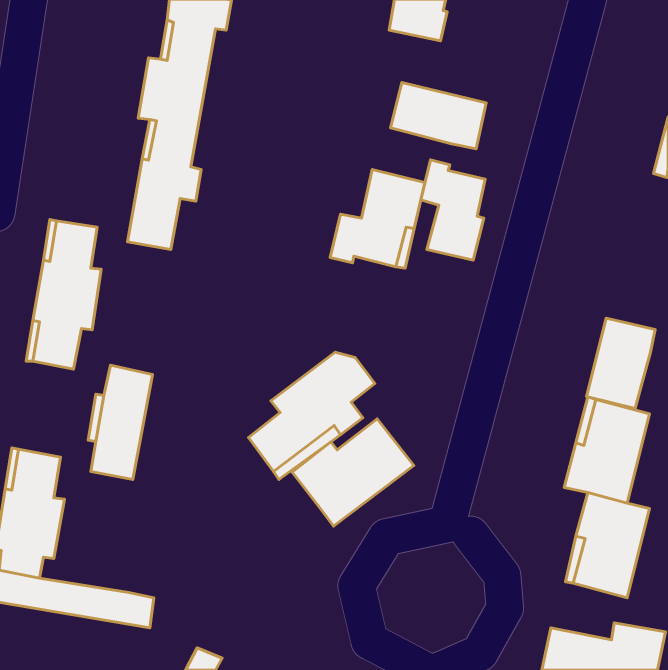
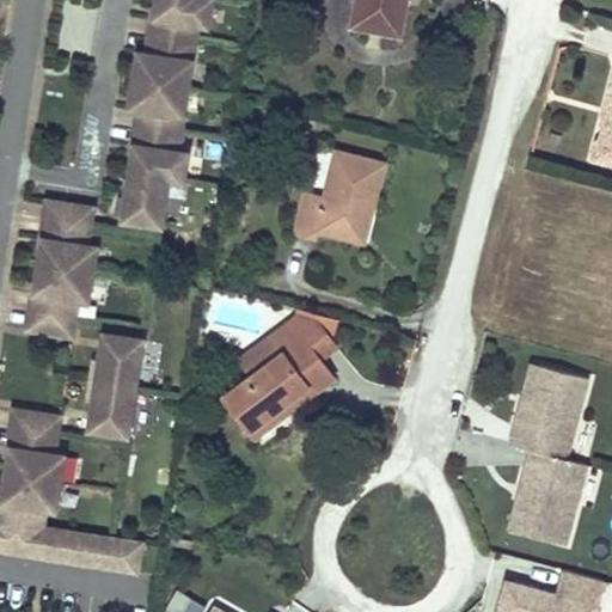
building: [391,82,486,149] -> none
building: [421,160,485,260] -> none
building: [587,318,655,409] -> none
building: [292,419,414,526] -> none

